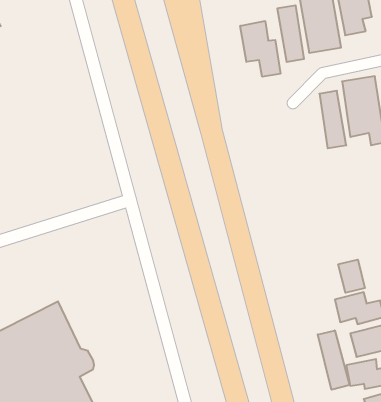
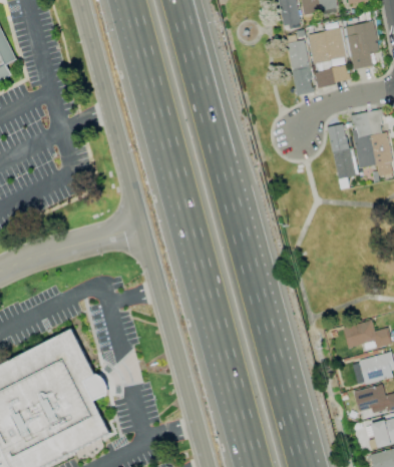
building: [240,21,280,77] -> none
building: [338,260,365,293] -> none
building: [318,330,349,390] -> none

